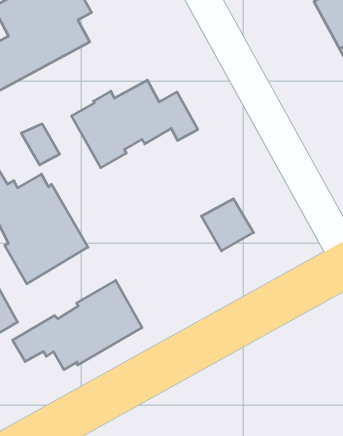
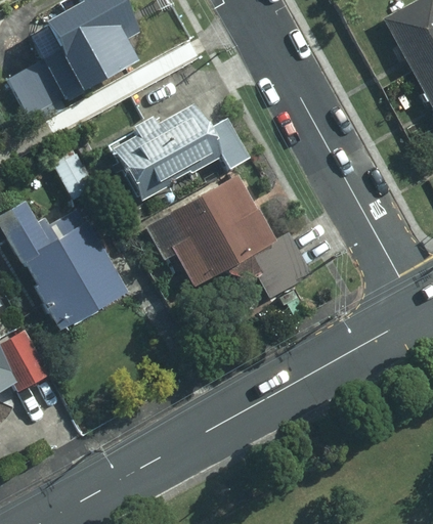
building: none -> [145,174,276,291]
building: [13,280,142,370] -> none

